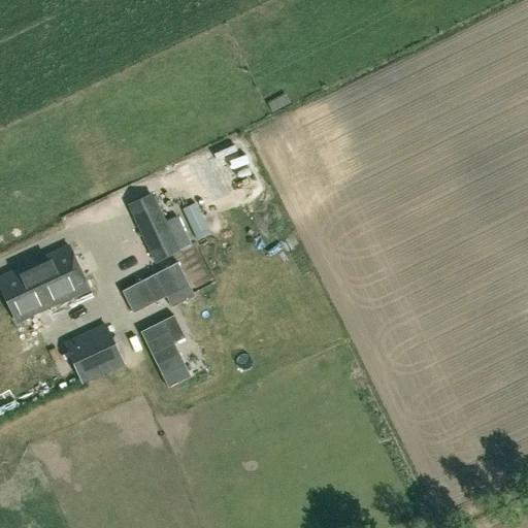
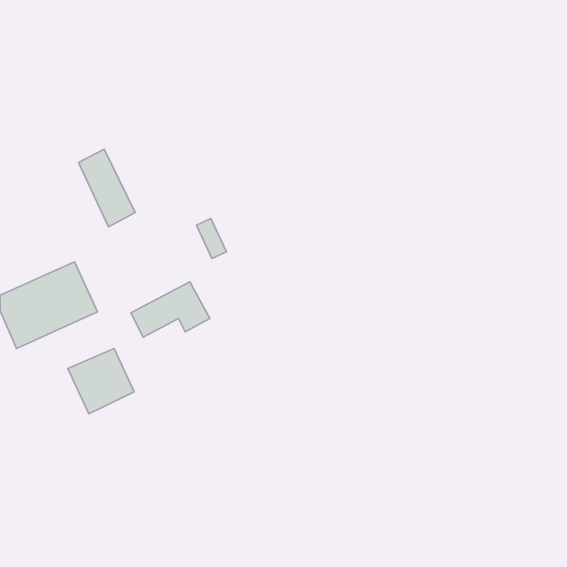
building: [128,192,180,264] -> [79,149,135,227]
building: [140,315,192,388] -> none

